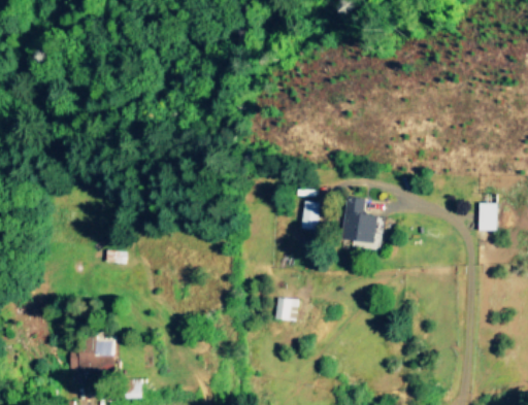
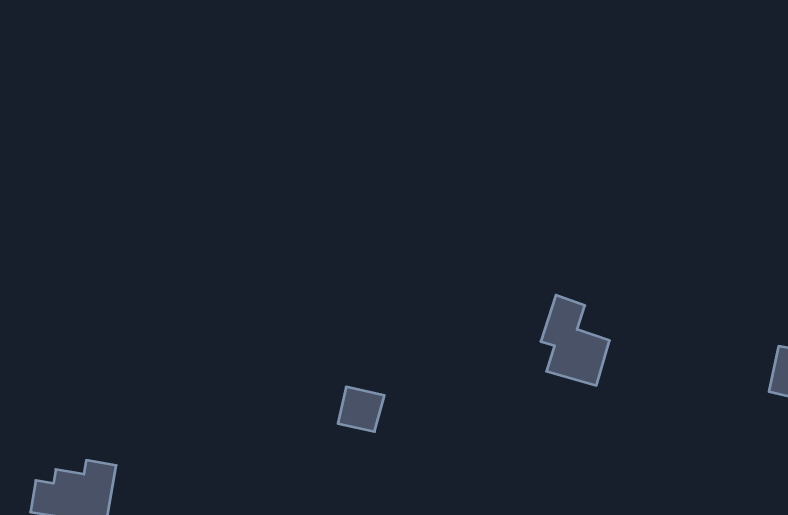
building: [300,201,319,230] -> none
building: [274,298,298,320] -> [338,387,384,432]

